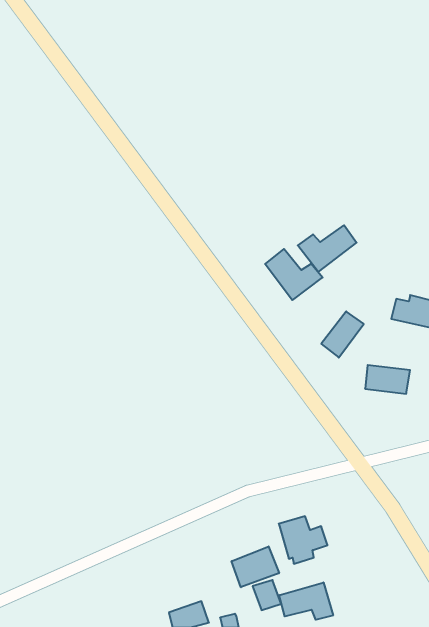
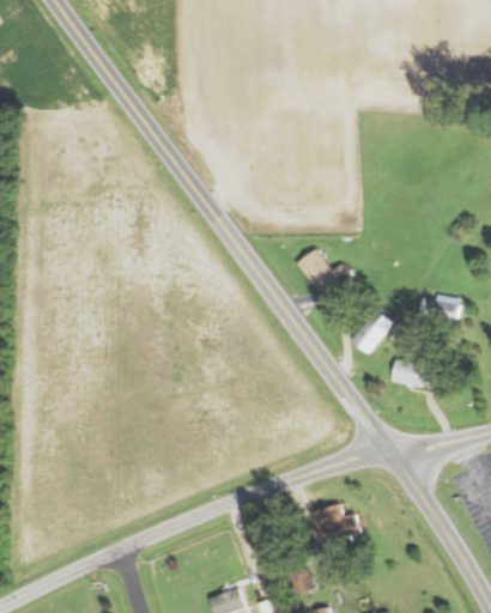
building: [298,225,357,272] -> none
building: [232,546,279,587] -> none
building: [279,582,333,620] -> none

